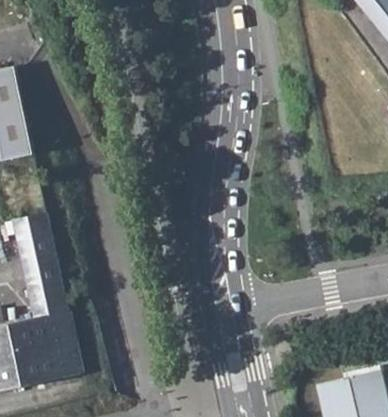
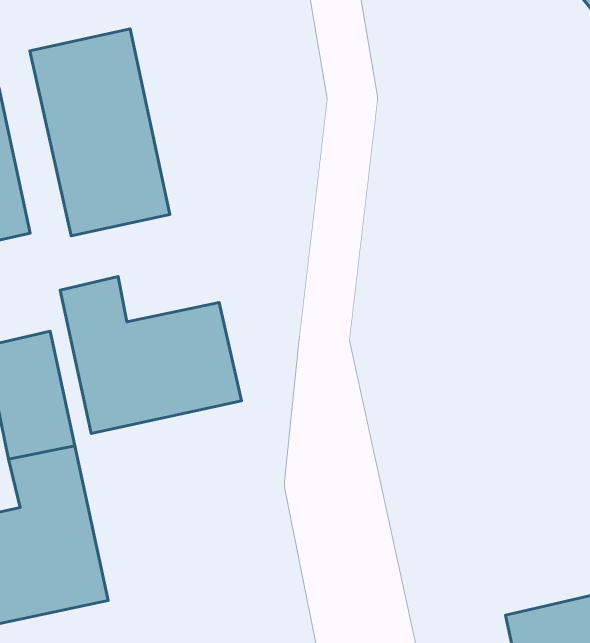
building: none -> [30,29,170,236]
building: none -> [60,277,242,434]

